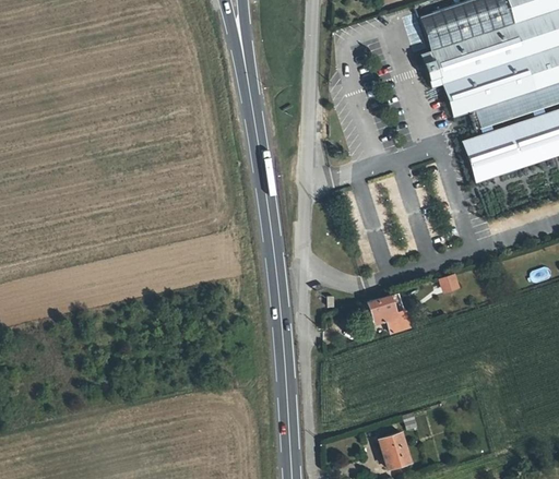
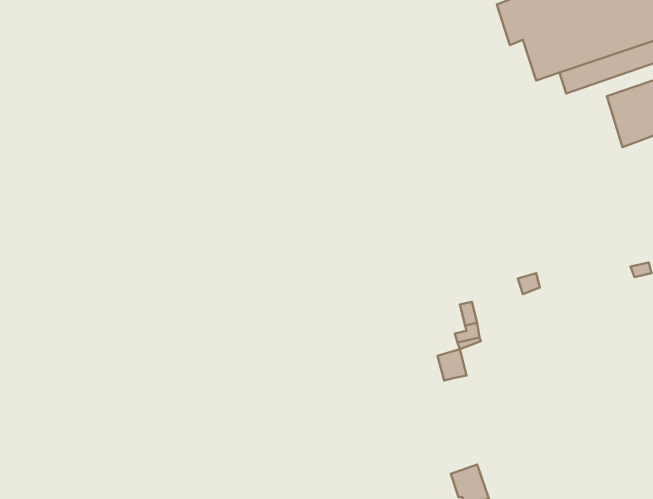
building: [465,127,525,184] -> none
building: [371,300,395,326] -> [438,349,467,381]

